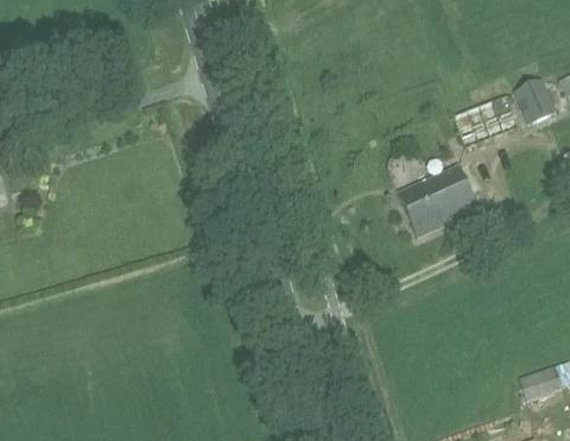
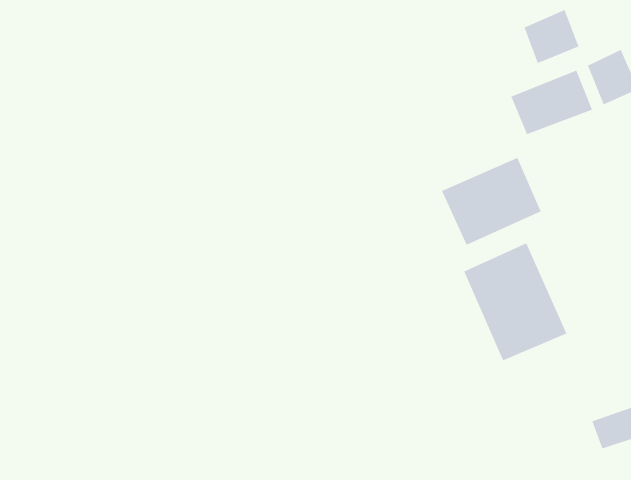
building: none -> [524,9,579,64]
building: none -> [464,243,567,361]

